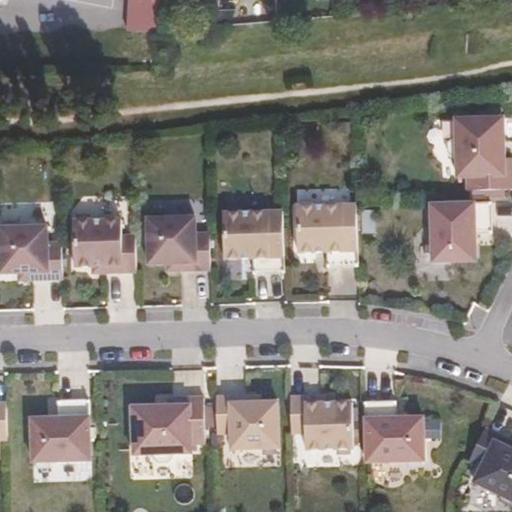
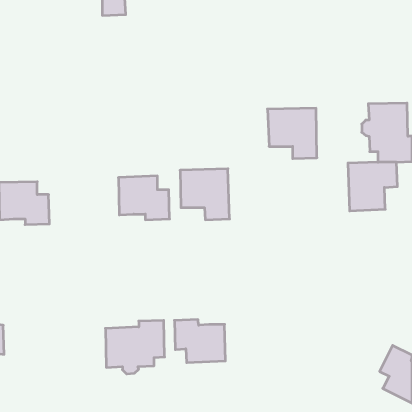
building: [295,202,356,264] -> [267,108,317,159]
building: [72,217,135,270] -> none
building: [289,392,352,445] -> none
building: [363,395,423,456] -> none
building: [21,400,81,462] -> none

